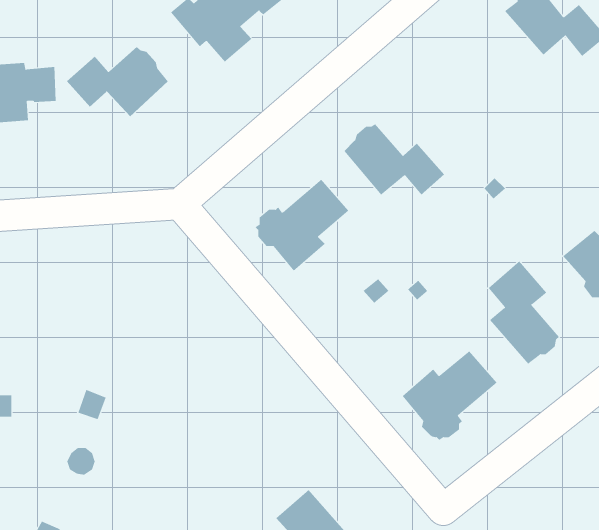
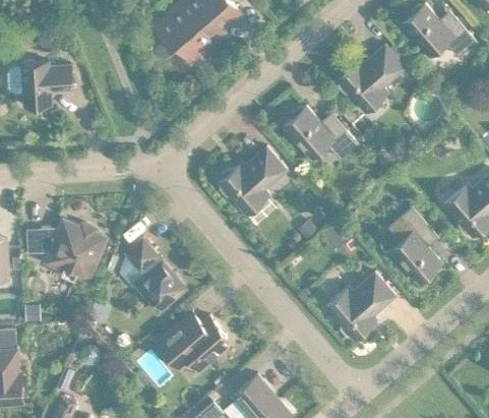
building: none -> [337,44,406,112]
building: [66,46,169,117] -> none
building: none -> [38,223,106,280]
building: none -> [126,238,185,310]
building: none -> [157,315,229,371]

